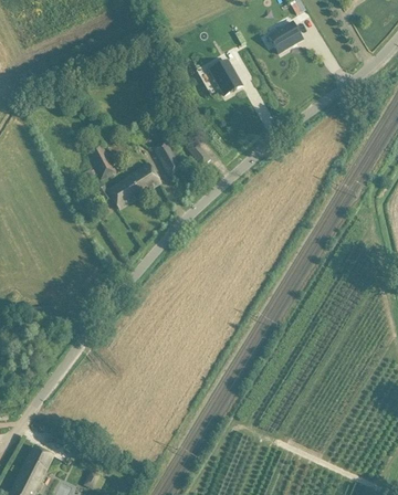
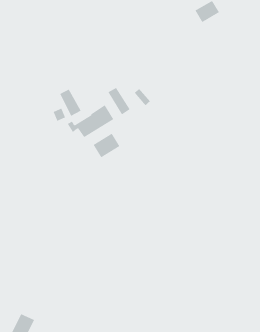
building: [210,59,242,94] -> none
building: none -> [93,133,120,158]

